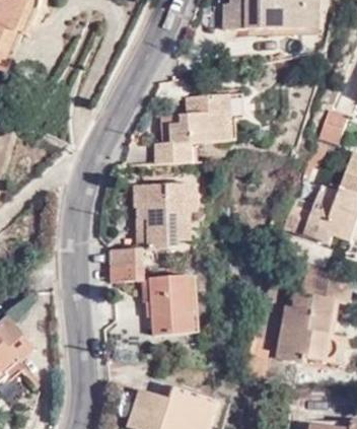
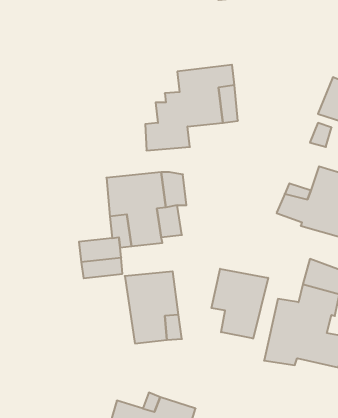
building: none -> [211,269,268,339]

